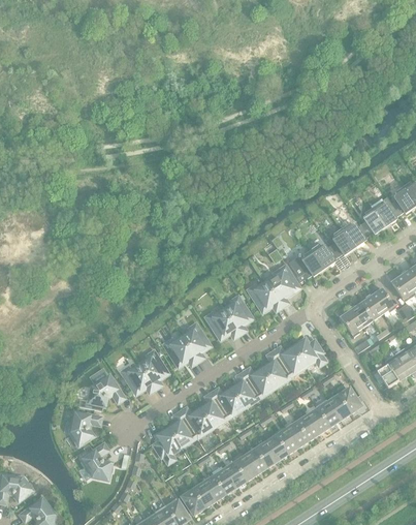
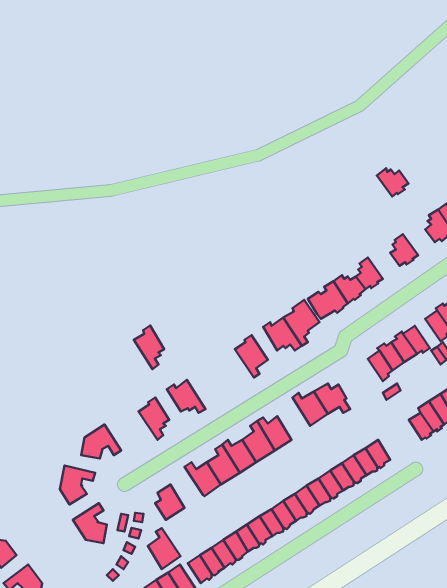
building: [371,200,398,225] -> [377,168,408,197]
building: [340,222,367,246] -> none
building: [205,308,239,337] -> none
building: [181,322,207,361] -> [134,326,164,369]
building: [260,350,290,388] -> none
building: [120,363,155,392] -> none
building: [166,411,195,447] -> [148,528,181,569]

